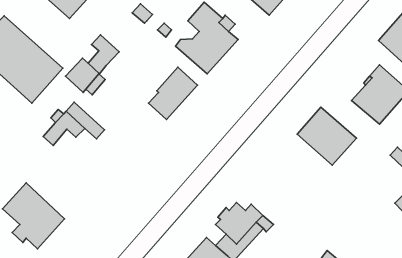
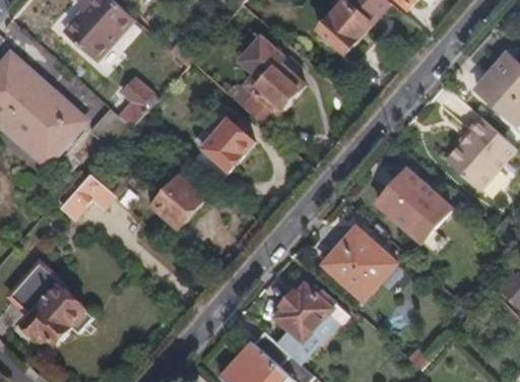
building: none -> [152,177,202,228]
building: none -> [323,226,396,299]

